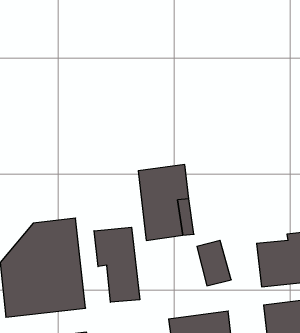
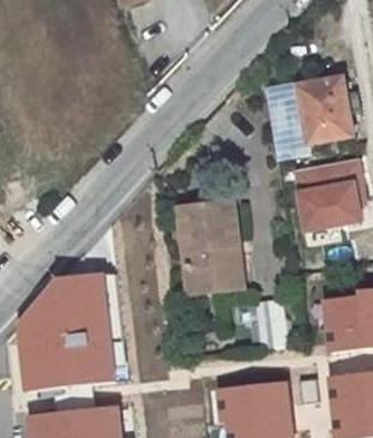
building: none -> [266,79,360,150]
building: none -> [288,160,361,230]
building: [94,227,140,302] -> none

